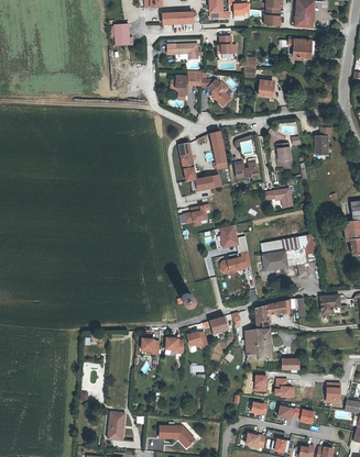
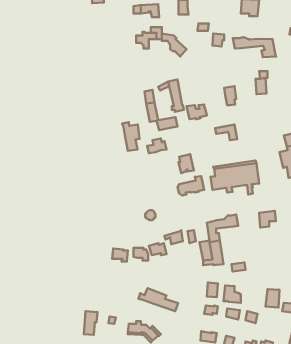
building: none -> [233,37,276,57]
building: none -> [122,122,139,151]
building: none -> [138,288,178,311]

